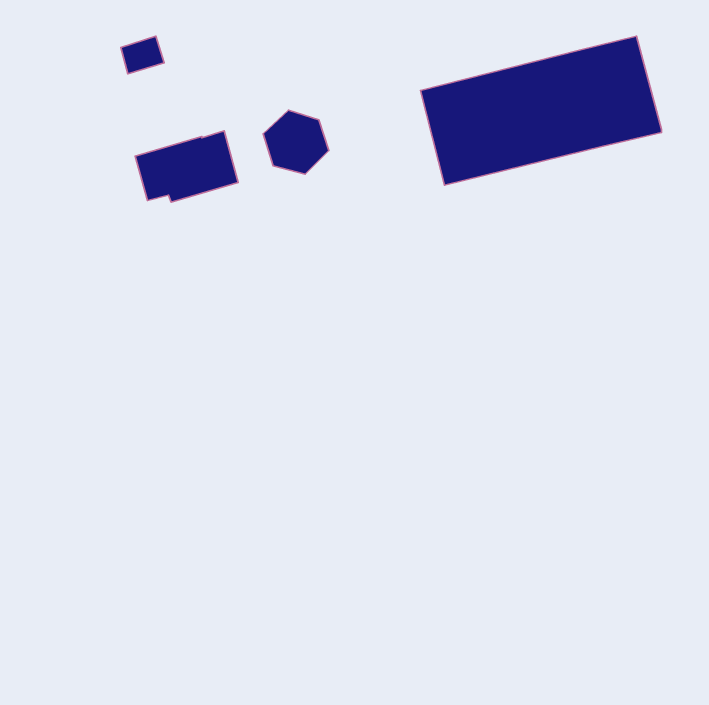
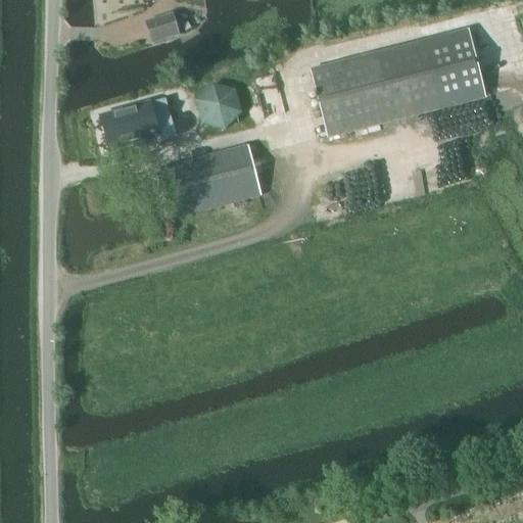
building: [121,36,164,74] -> [148,11,180,39]
building: none -> [162,142,260,215]

